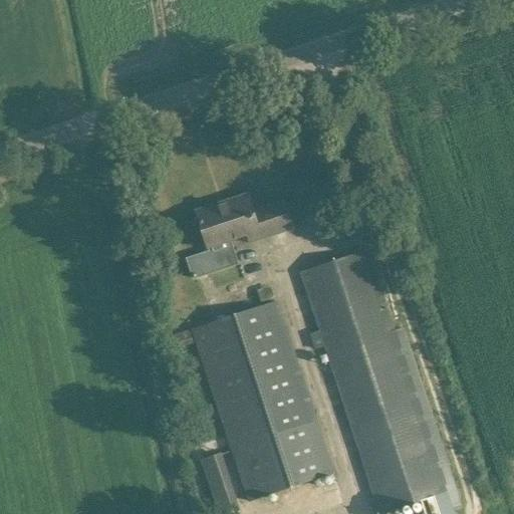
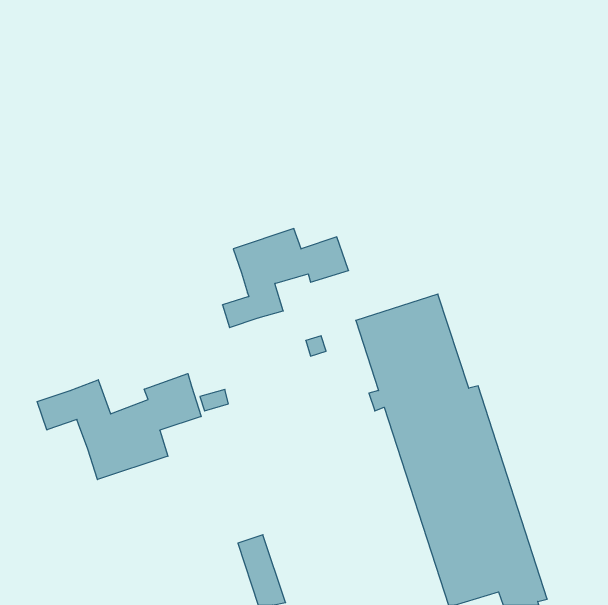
building: [192,298,335,500] -> none
building: none -> [37,374,201,480]

